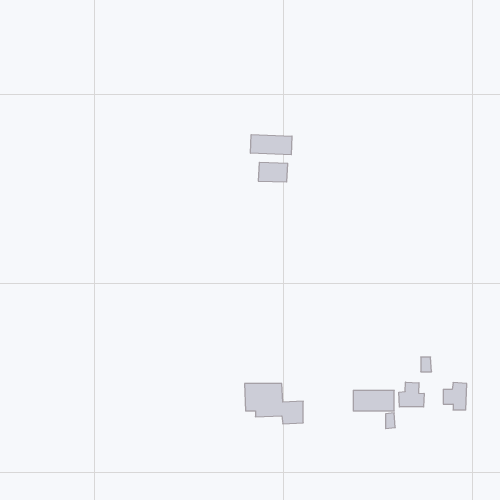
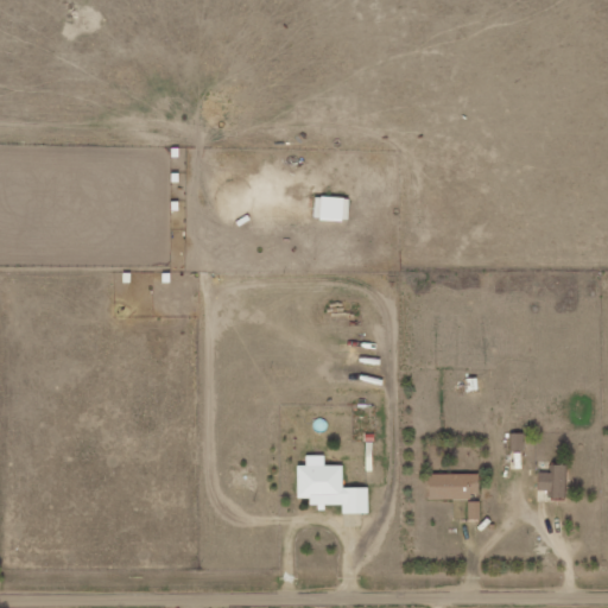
building: [251,135,292,155] -> none
building: [399,382,424,407] -> none

